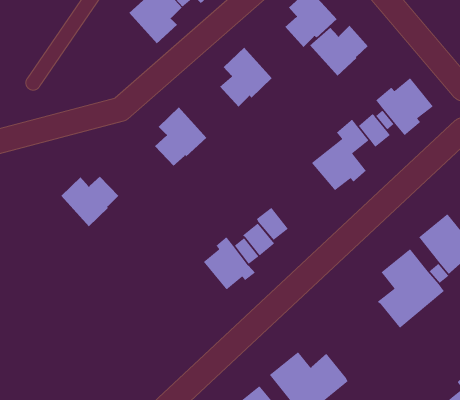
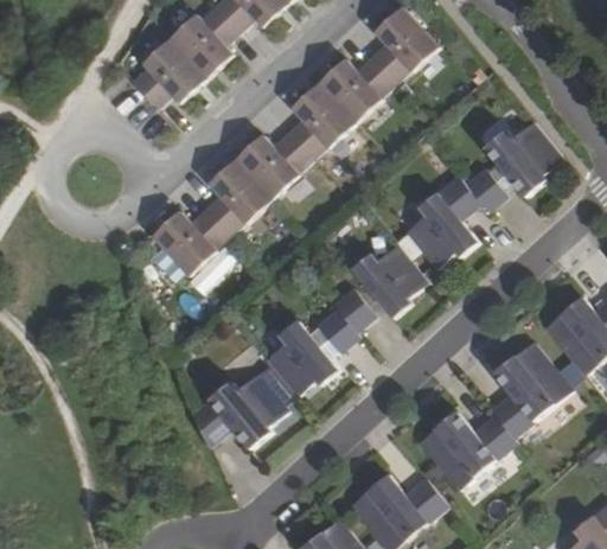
building: none -> [130,38,205,108]
building: [309,25,369,76] -> [318,56,395,122]
building: none -> [234,133,311,199]
building: none -> [358,244,427,314]
building: [60,176,119,227] -> [151,210,226,276]
building: none -> [192,370,286,447]
building: none -> [418,410,523,497]

